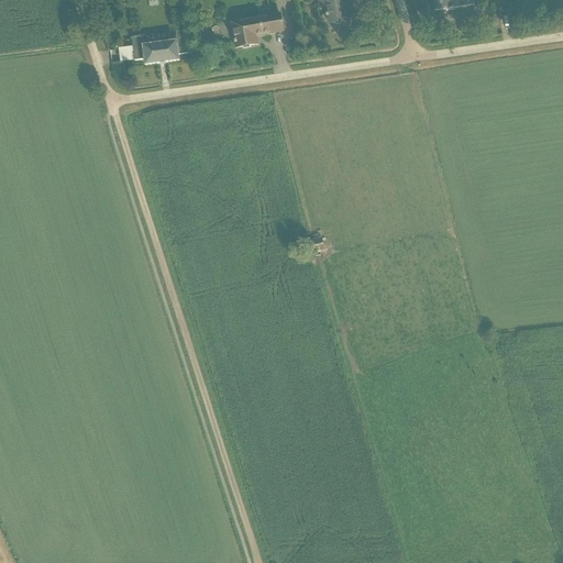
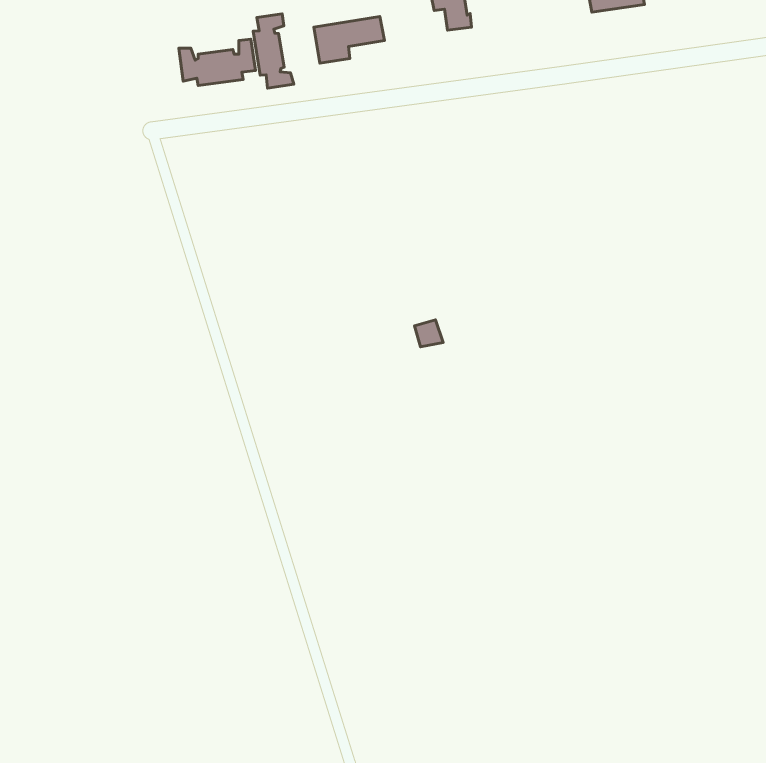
building: none -> [253,14,294,88]

